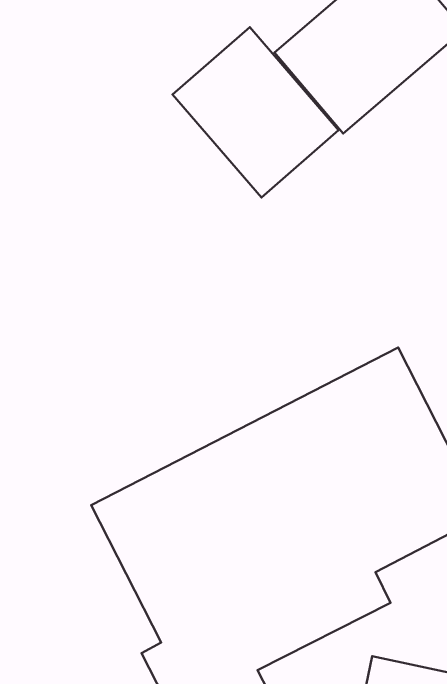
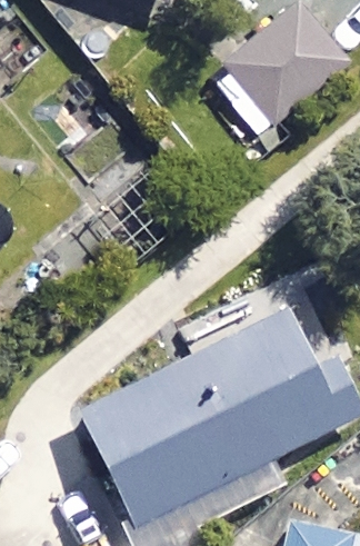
building: [173,27,339,197] -> none

